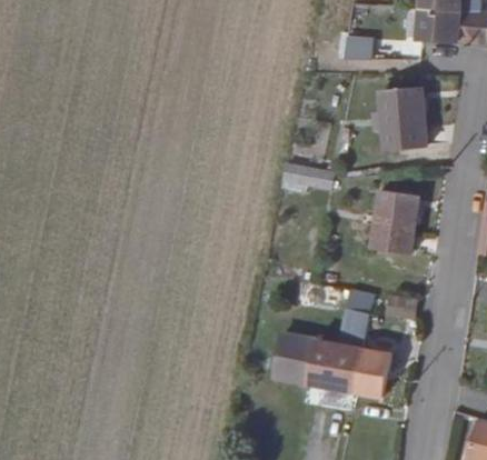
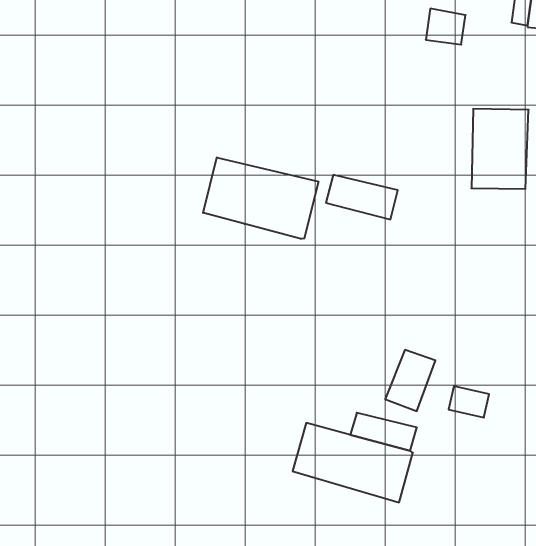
building: none -> [203,157,319,239]
building: [371,204,420,269] -> none
building: [358,360,395,402] -> none

